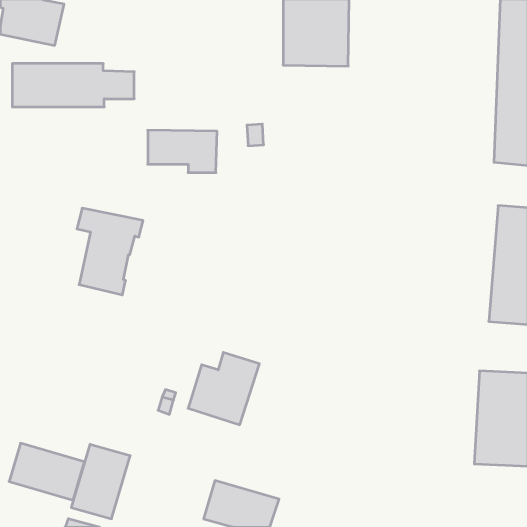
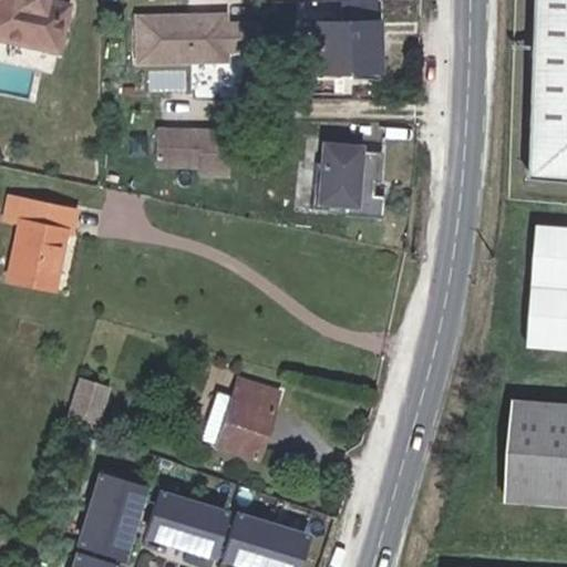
building: [12,64,134,107] -> [134,22,265,69]
building: none -> [317,146,390,218]
building: [77,208,143,295] -> [7,196,78,289]
building: none -> [71,378,111,423]
building: [9,443,85,500] -> [141,493,221,554]

